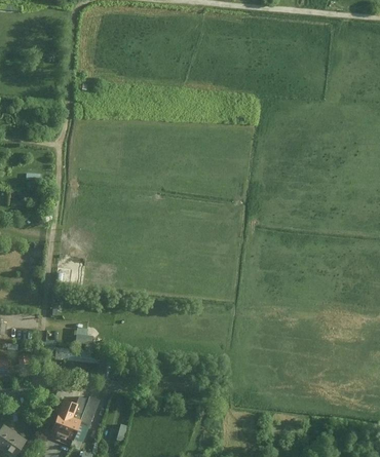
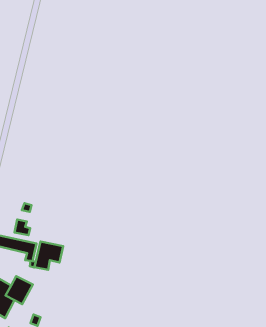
building: none -> [35,242,63,270]

